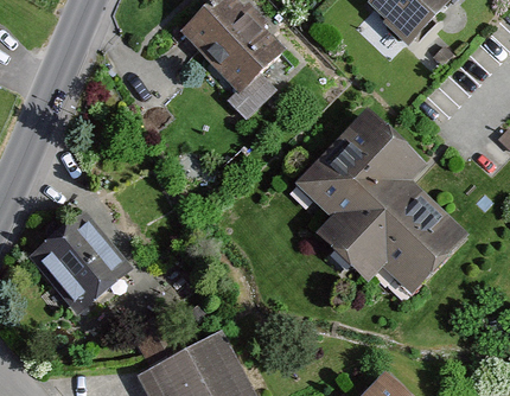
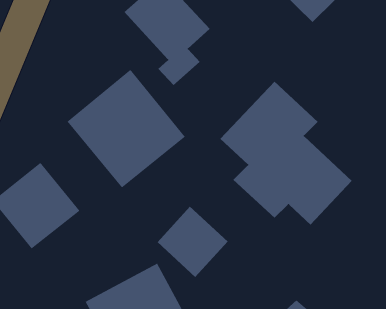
building: none -> [67,69,186,188]
building: none -> [157,206,228,278]

